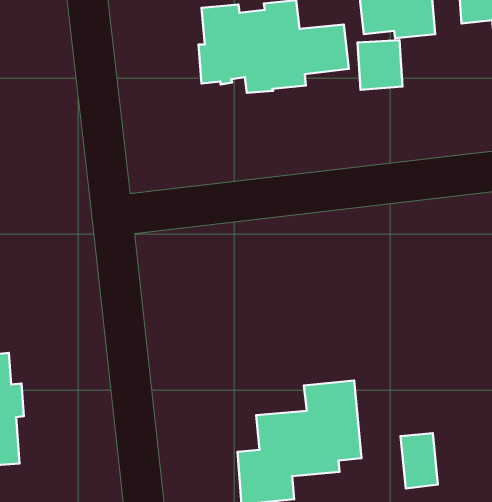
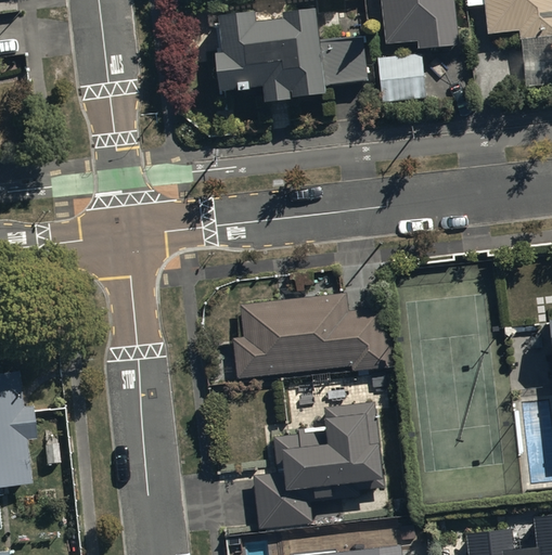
building: none -> [231,293,393,382]
building: [401,433,438,488] -> none

